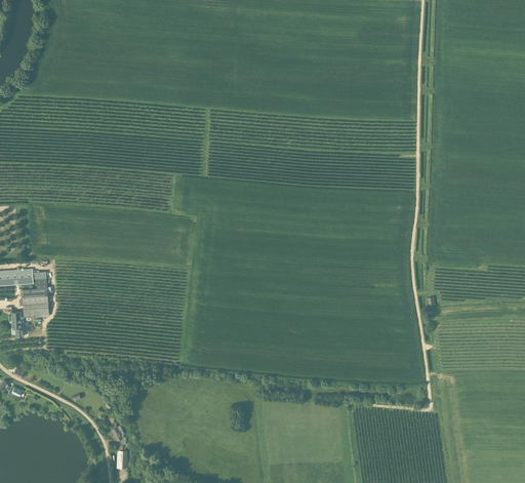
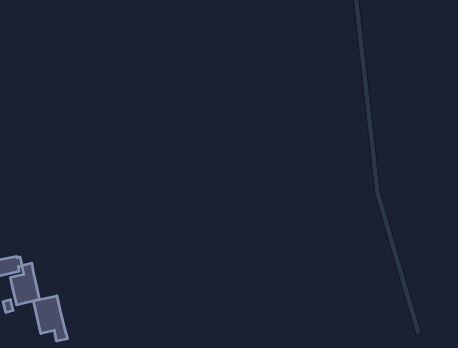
building: none -> [33,296,67,341]

